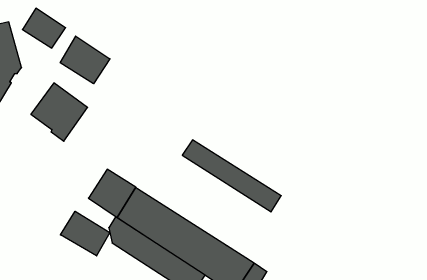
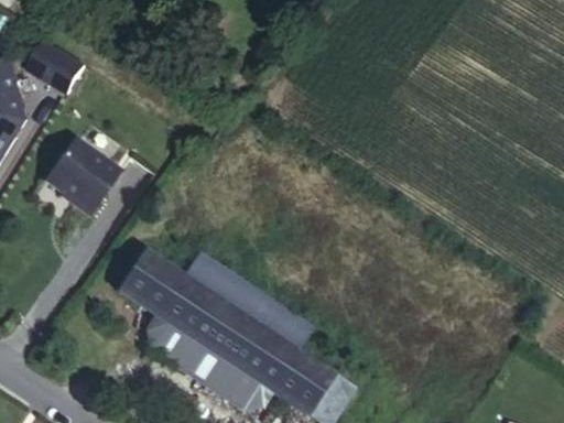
building: [60,36,110,84] -> none
building: [182,140,281,212] -> [184,256,313,349]
building: [60,211,110,256] -> none

